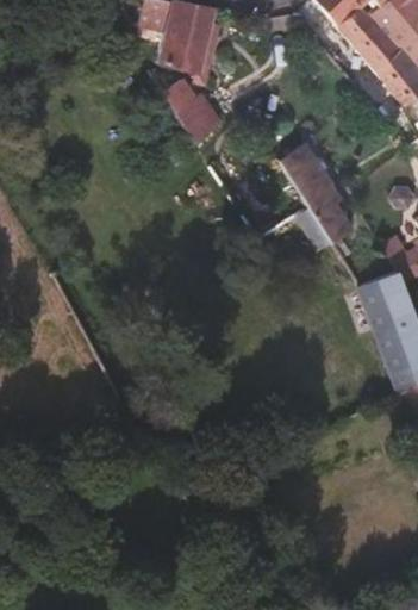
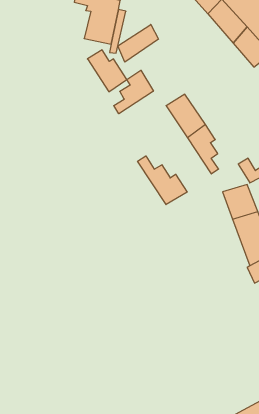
building: none -> [118,24,158,62]
building: none -> [114,70,153,114]
building: none -> [138,156,187,205]

